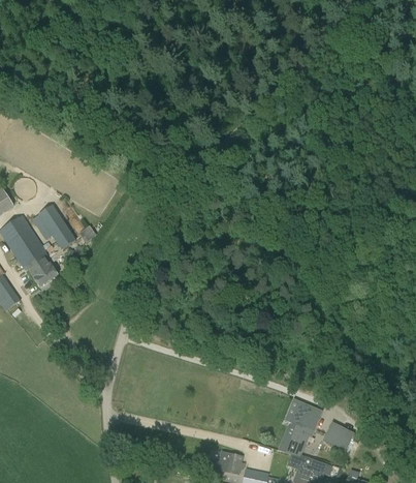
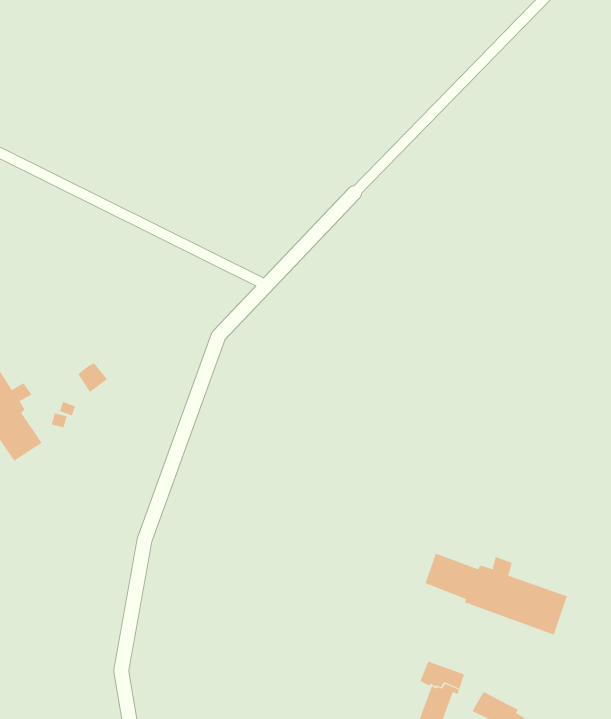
building: [37,204,75,248] -> none
building: none -> [425,553,568,635]

